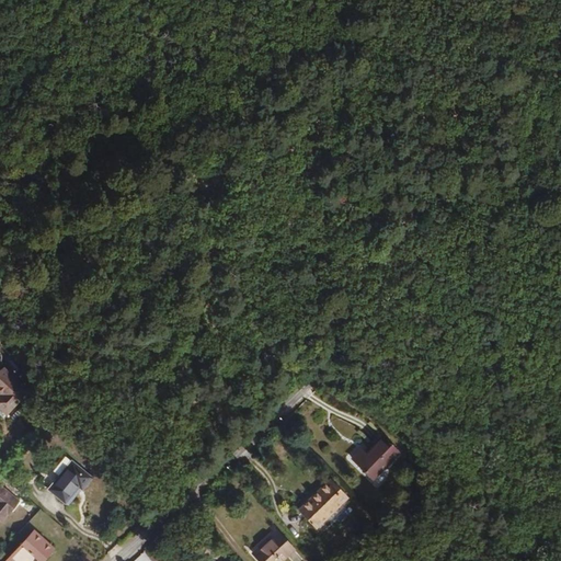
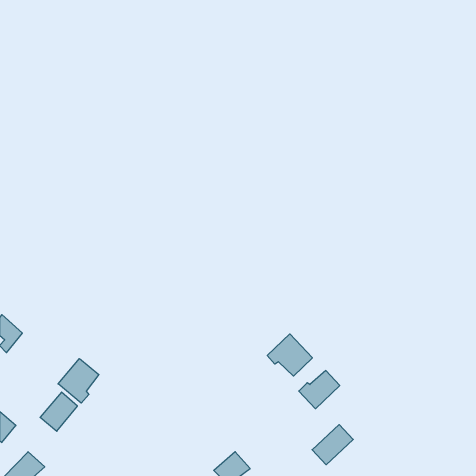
building: none -> [267,334,312,376]
building: none -> [58,359,99,403]
building: [298,481,346,528] -> [312,425,353,465]

